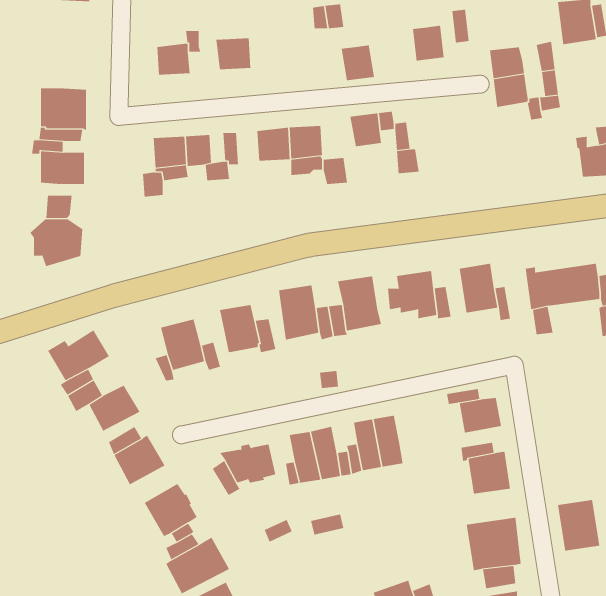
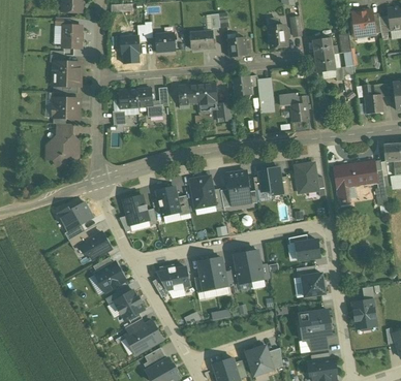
building: none -> [62,26,83,47]
building: none -> [190,31,214,50]
building: none -> [281,93,311,123]

